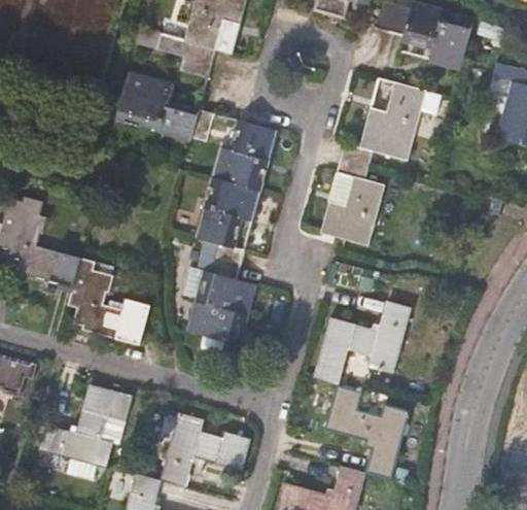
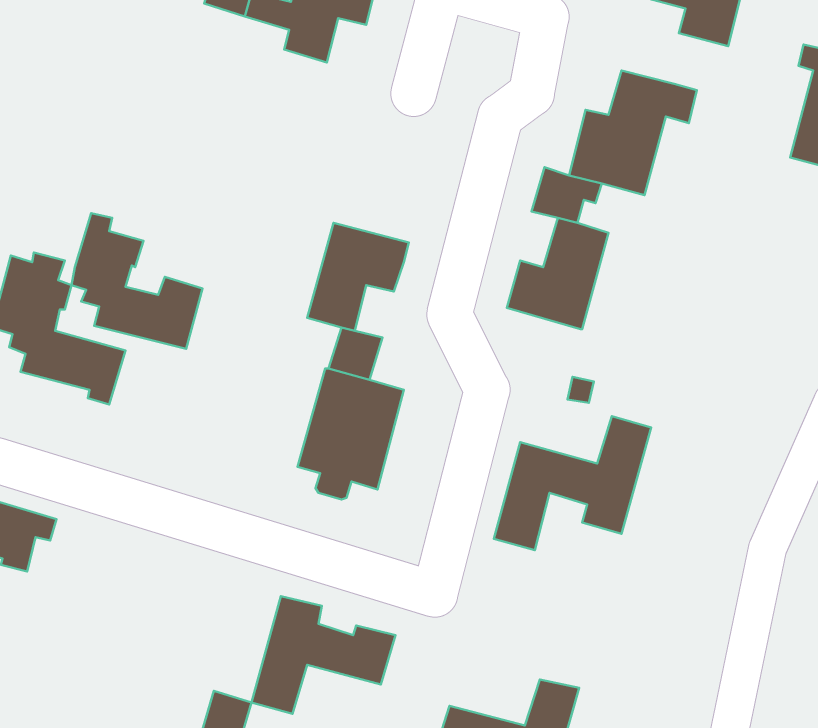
building: [116,72,213,140] -> none
building: [211,121,274,191] -> none
building: [68,259,150,344] -> [71,213,202,349]
building: [37,383,132,480] -> none
building: [325,384,409,478] -> none

